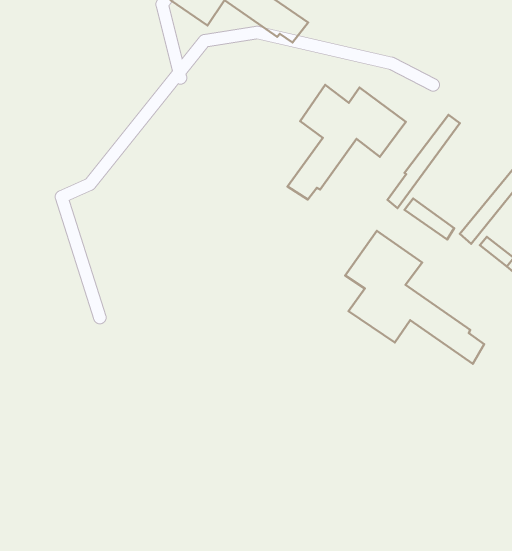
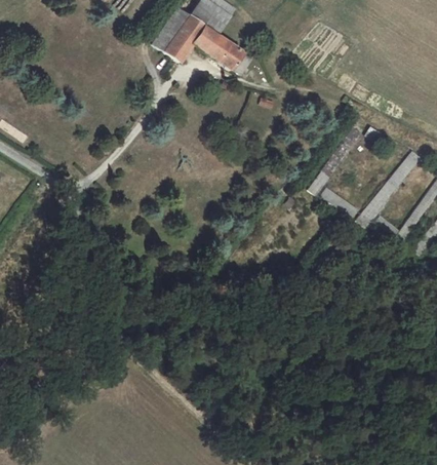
building: [287,85,406,200] -> none
building: [345,231,484,364] -> none

